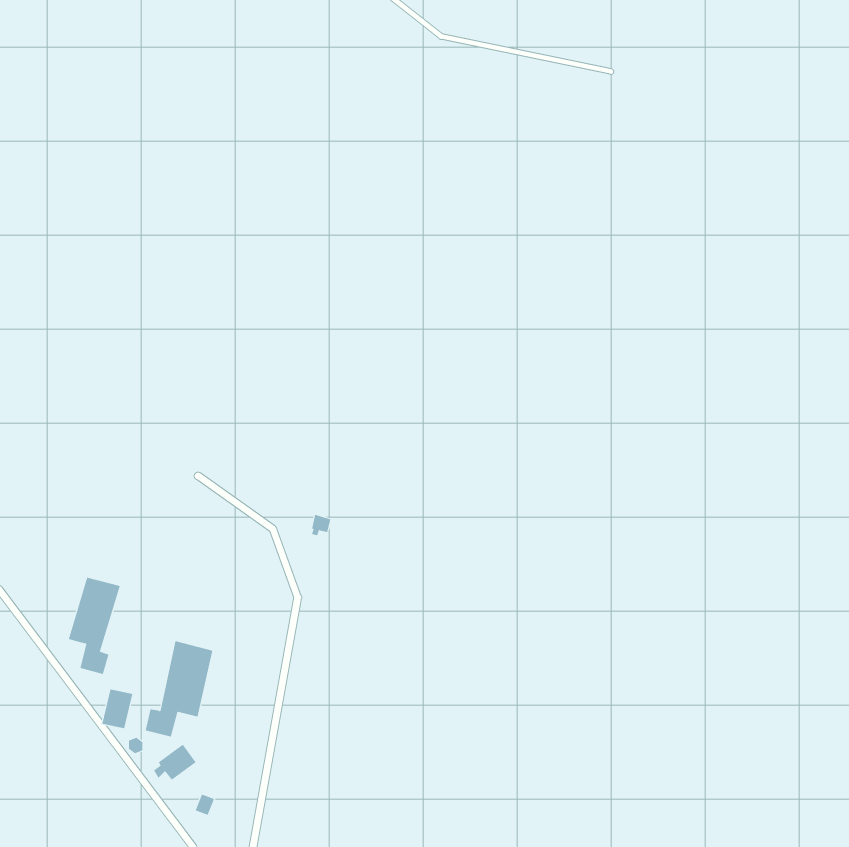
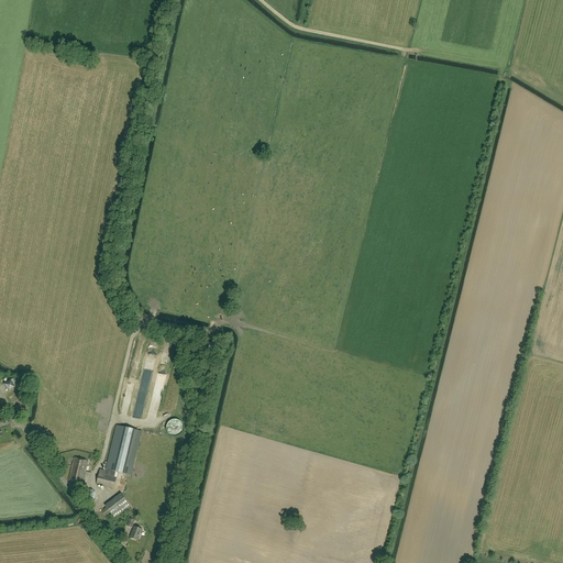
building: [68,577,121,675] -> none

